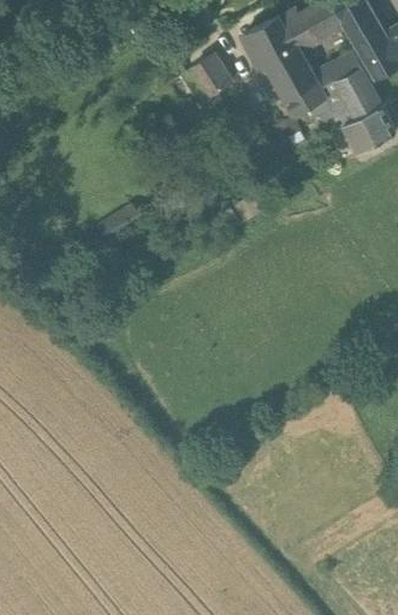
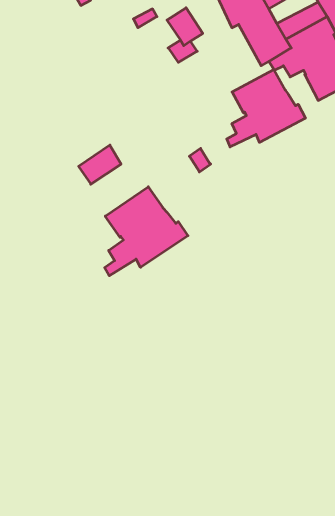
building: none -> [227,69,305,147]
building: none -> [105,187,188,276]

